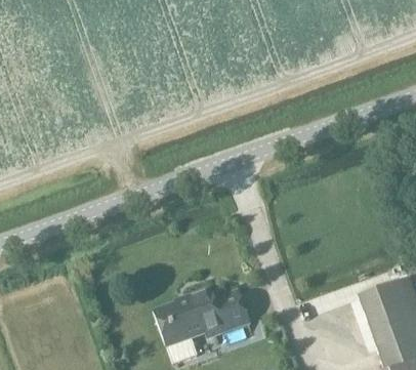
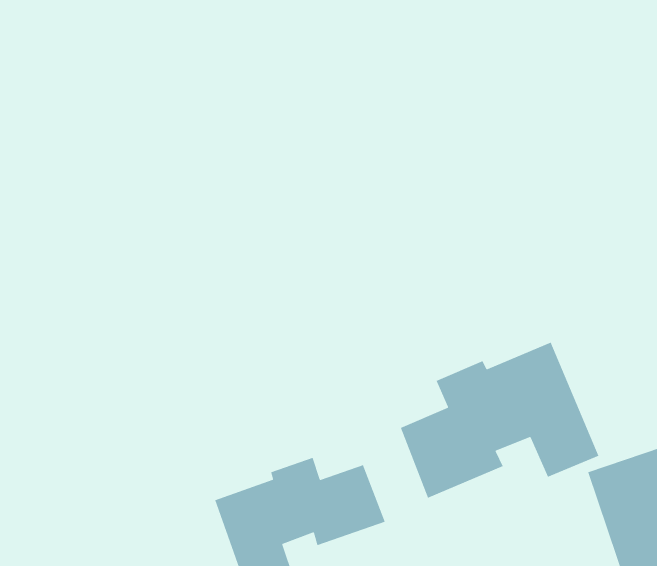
building: none -> [400,341,599,499]

